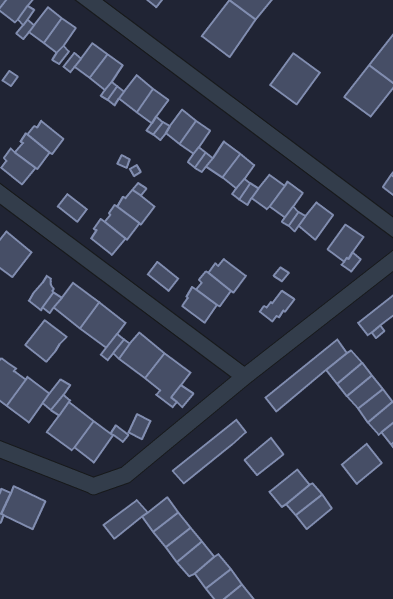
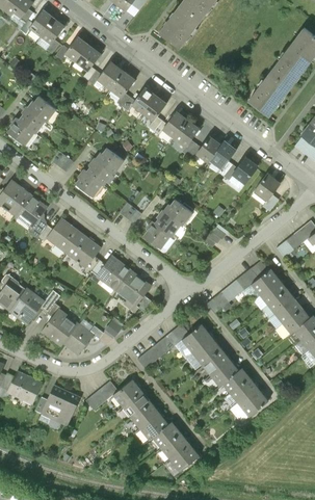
building: [270,53,320,104] -> [248,78,286,116]
building: [25,320,67,362] -> [17,194,48,226]
building: none -> [182,322,211,350]
building: [342,444,382,484] -> [238,387,268,417]
building: none -> [201,346,231,374]
building: none -> [36,385,81,424]

